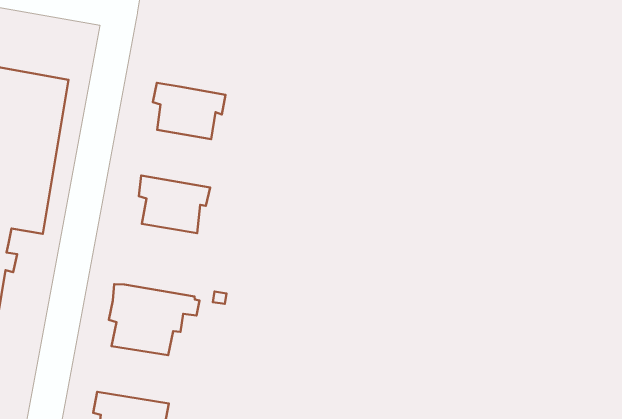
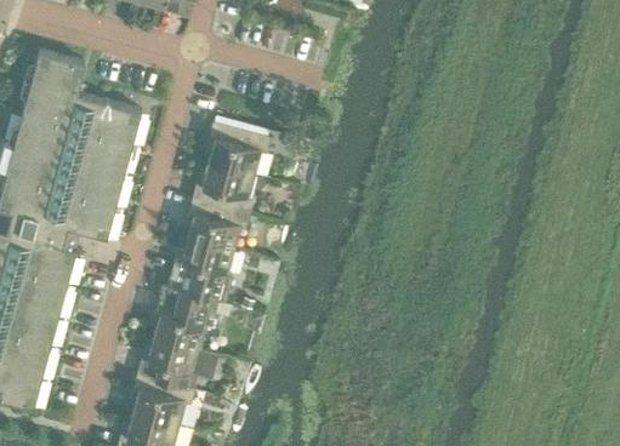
building: none -> [193,160,254,212]
building: none -> [170,236,234,301]
building: none -> [138,334,217,387]

